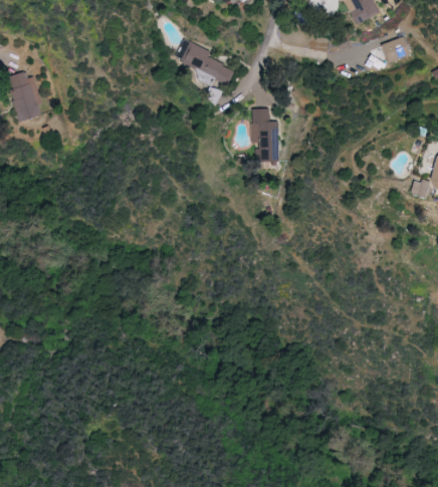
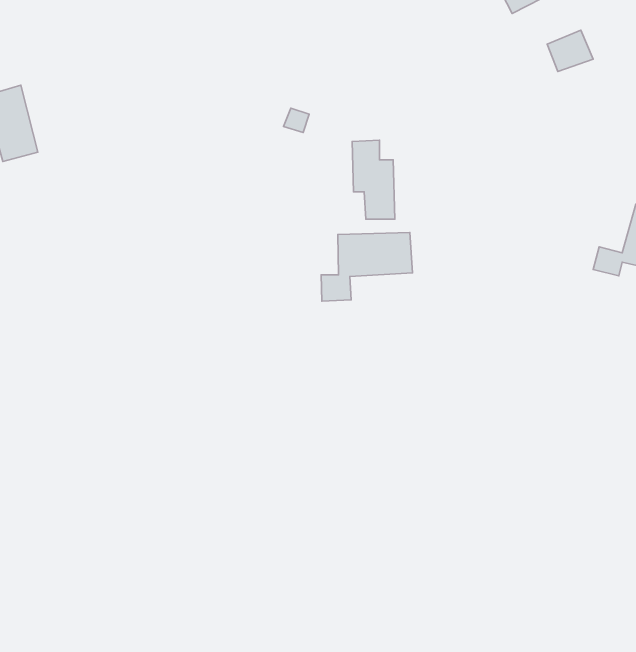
building: [181,42,235,84] -> none
building: none -> [321,232,412,301]

